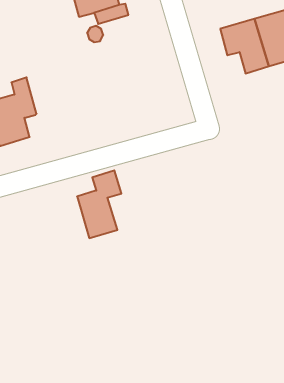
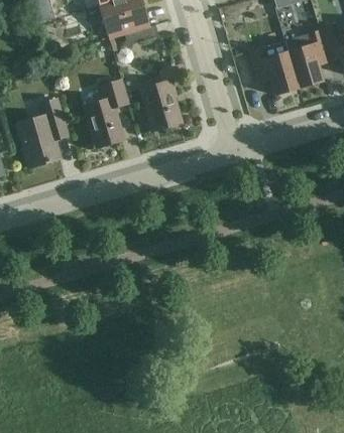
building: none -> [139,79,182,130]
building: [77,170,121,238] -> [84,79,128,146]

